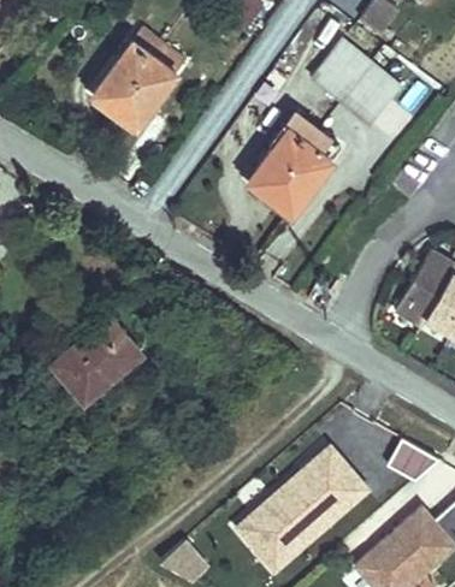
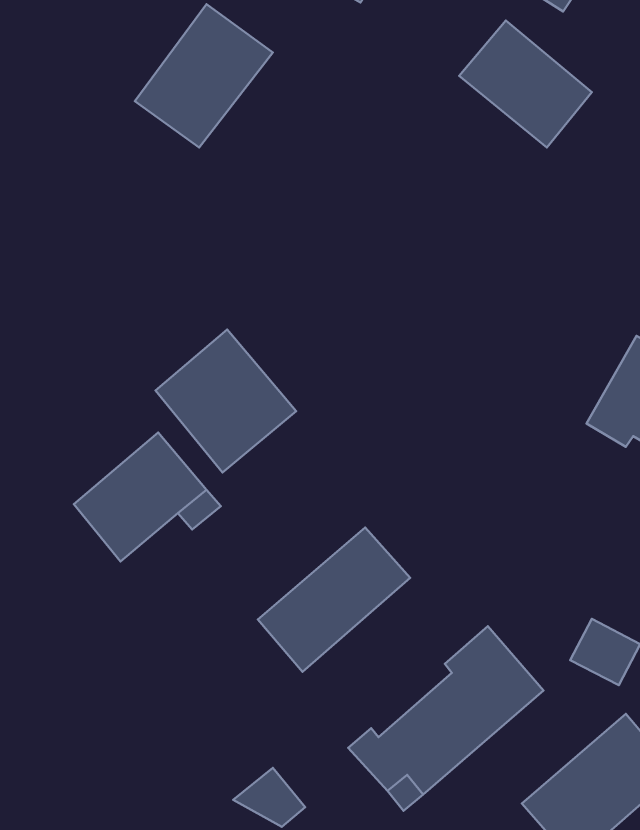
building: [249,112,330,213] -> none
building: none -> [156,329,296,472]
building: none -> [258,527,410,672]

